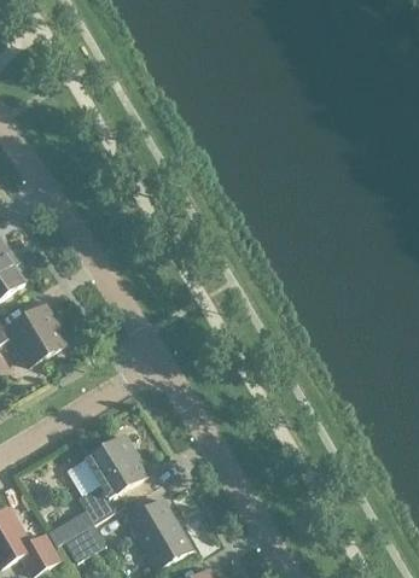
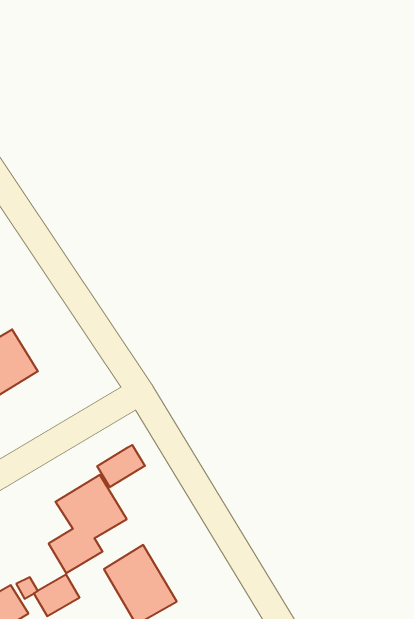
building: none -> [97,445,145,487]

